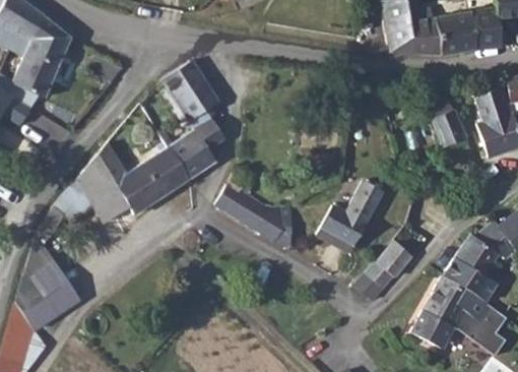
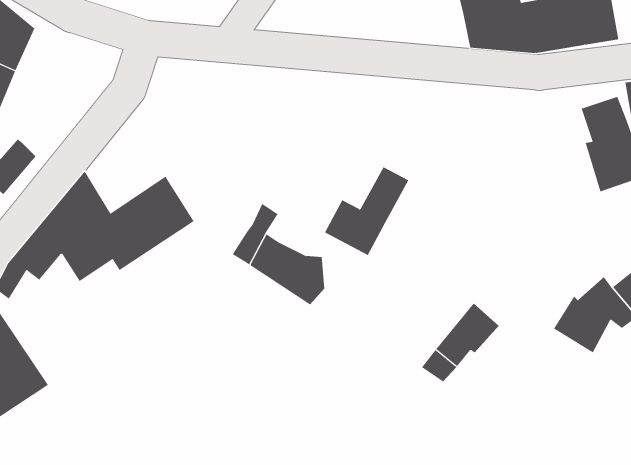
building: [163,62,226,180] -> none
building: [431,100,466,147] -> none
building: [320,181,383,247] -> [324,166,409,256]
building: [410,276,505,356] -> none

